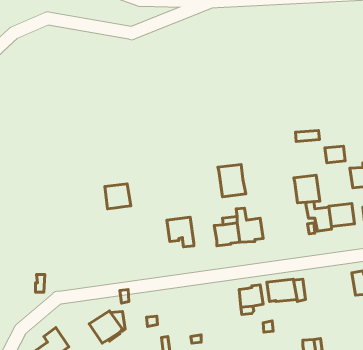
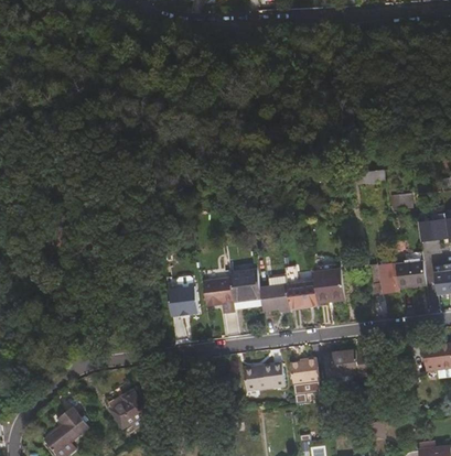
building: [218,164,246,197] -> [228,269,261,307]
building: [294,175,320,203] -> [312,269,343,302]
building: [105,184,131,209] -> [167,284,197,314]
building: none -> [240,359,282,391]

